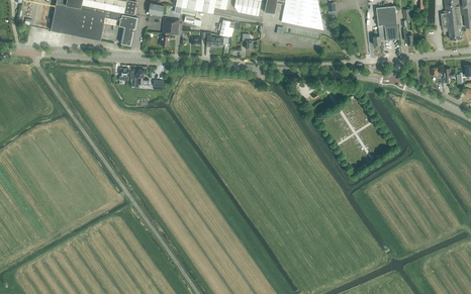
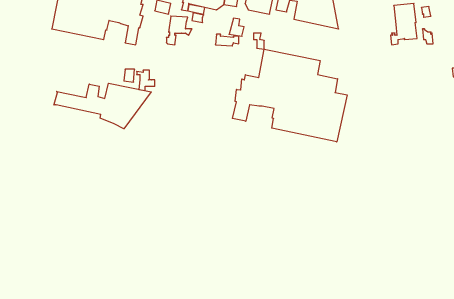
building: none -> [232,49,347,142]
building: none -> [54,83,151,129]

